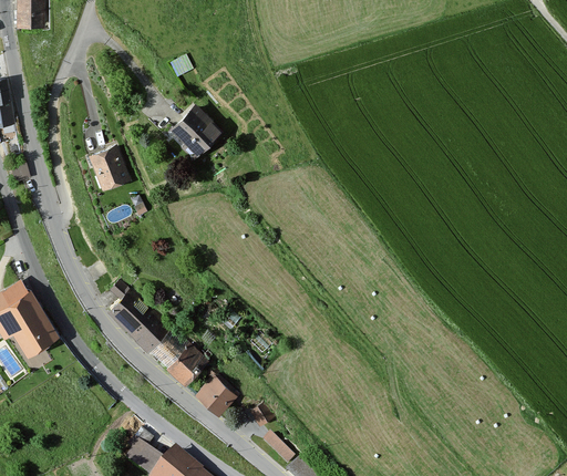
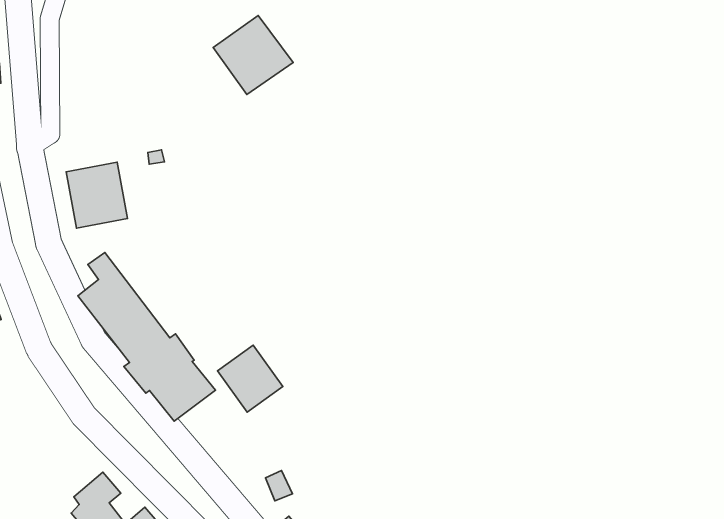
building: [86,143,133,192] -> [66,162,128,228]
building: [194,374,239,420] -> [218,345,283,412]

